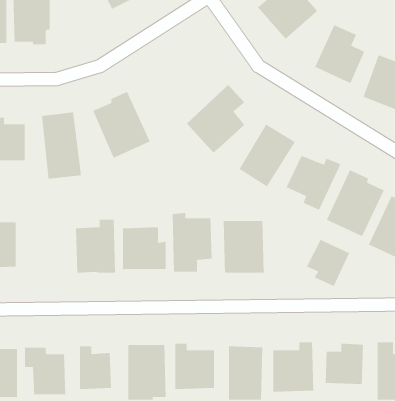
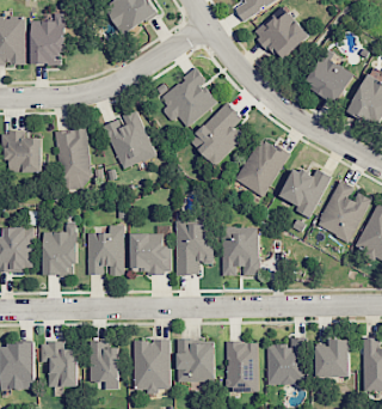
building: none -> [161,68,218,127]
building: none -> [43,225,76,276]
building: [306,239,350,287] -> none

